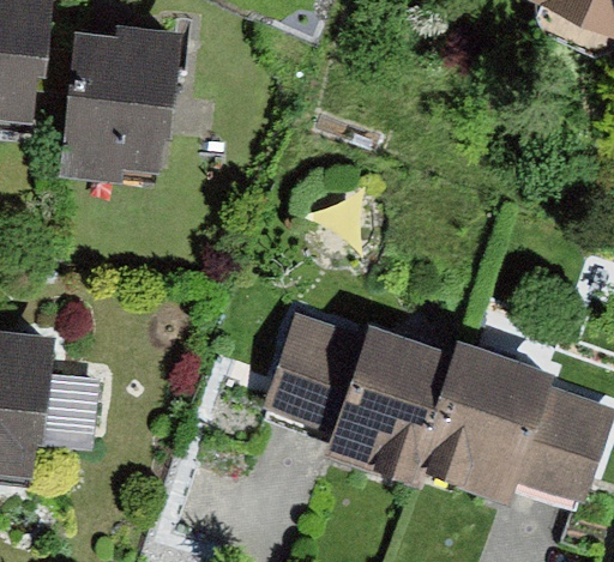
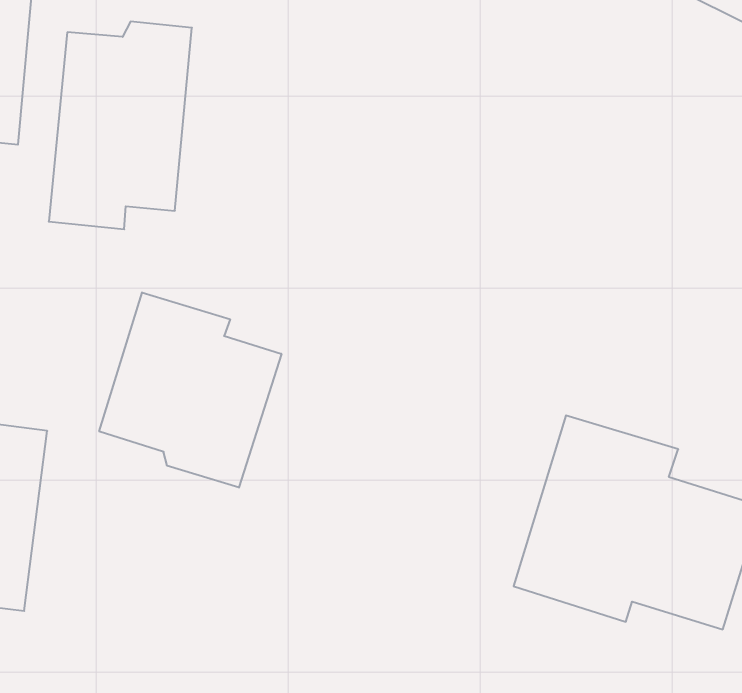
building: none -> [99,292,281,488]
building: [263,309,457,485] -> none

